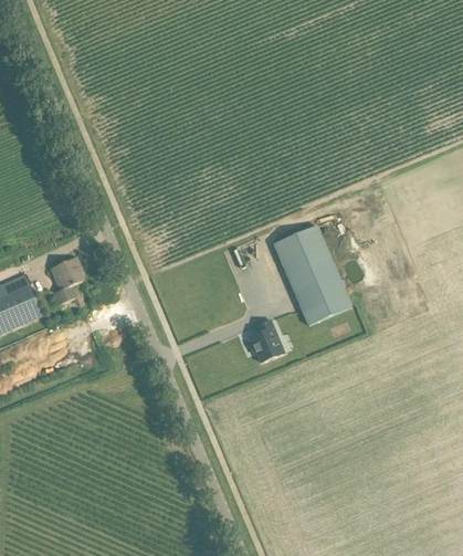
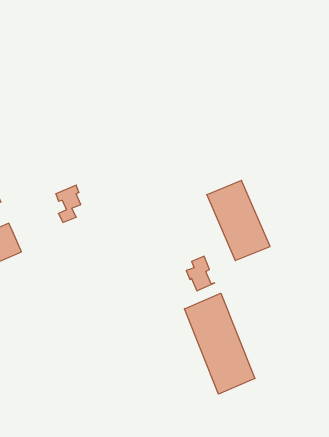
building: [50,256,81,303] -> [56,185,81,222]
building: none -> [184,293,255,394]

